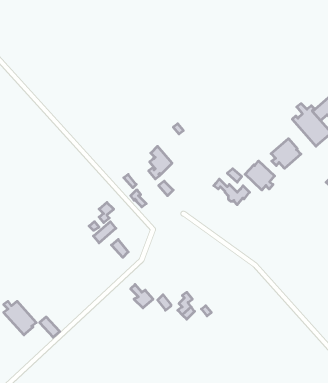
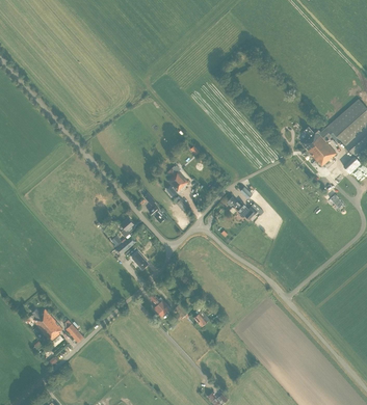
building: [271,139,301,168] -> none
building: [245,161,275,190] -> none

